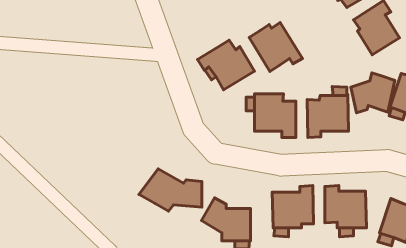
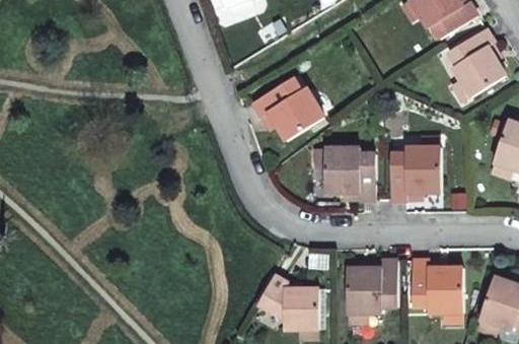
building: [249,22,302,71] -> none
building: [351,73,395,113] -> none
building: [139,169,202,211] -> none

